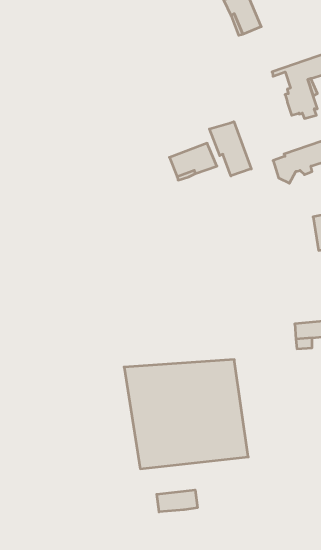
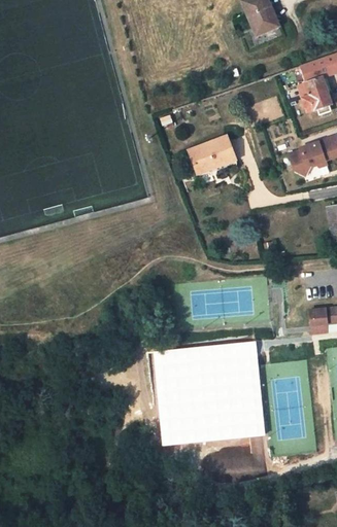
building: [209,122,251,176] -> none
building: [157,490,197,512] -> none

